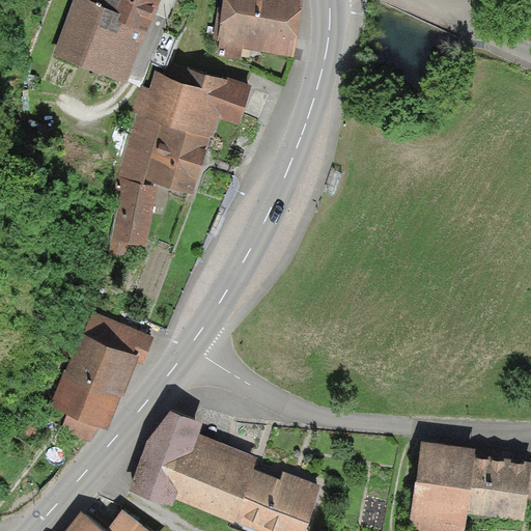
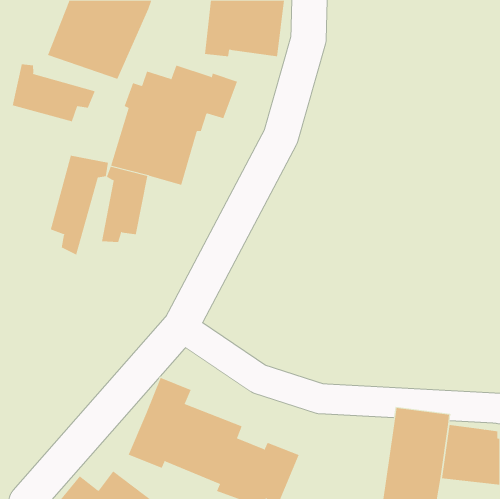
building: none -> [12,63,96,122]
building: none -> [50,155,108,255]
building: [52,314,152,439] -> none

